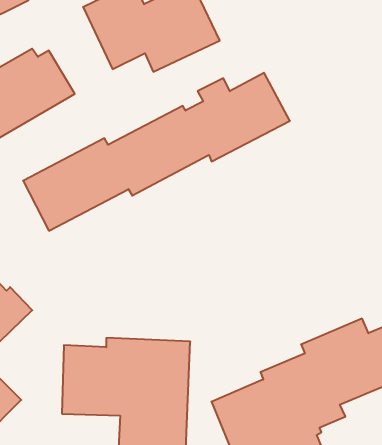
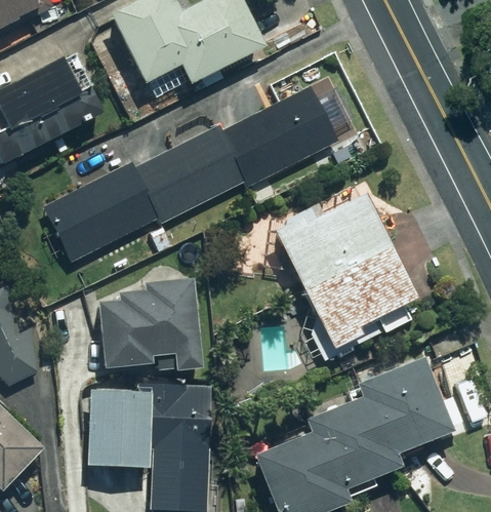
building: none -> [276,197,416,348]
building: none -> [99,279,201,372]

